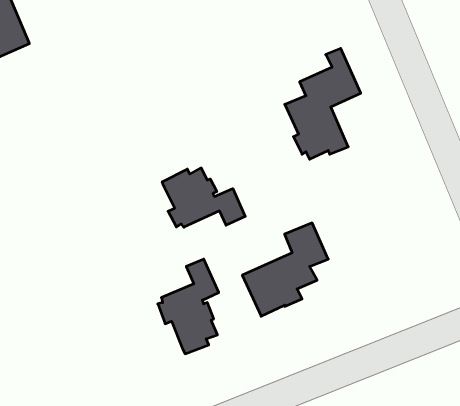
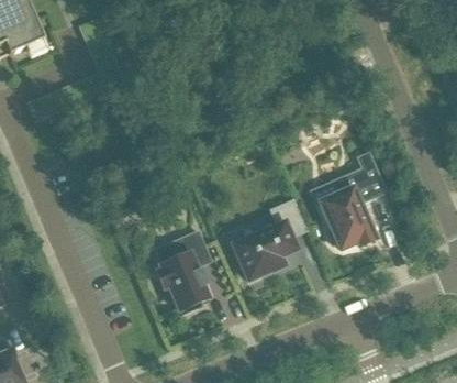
building: [285,48,361,159] -> [320,151,387,249]
building: [162,168,245,227] -> none

